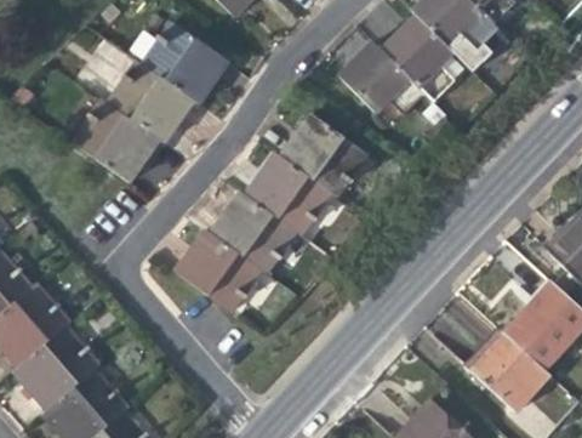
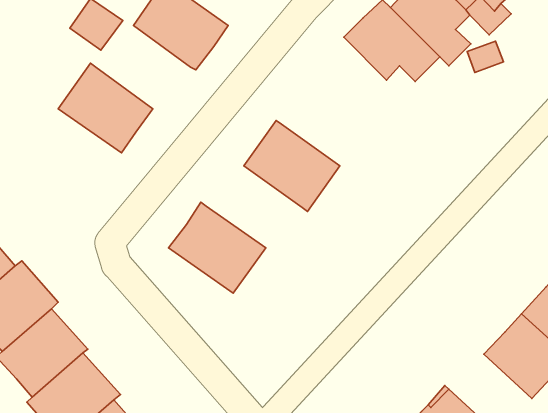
building: [107,58,195,143] -> none
building: [280,112,369,195] -> none
building: [210,189,299,273] -> none

